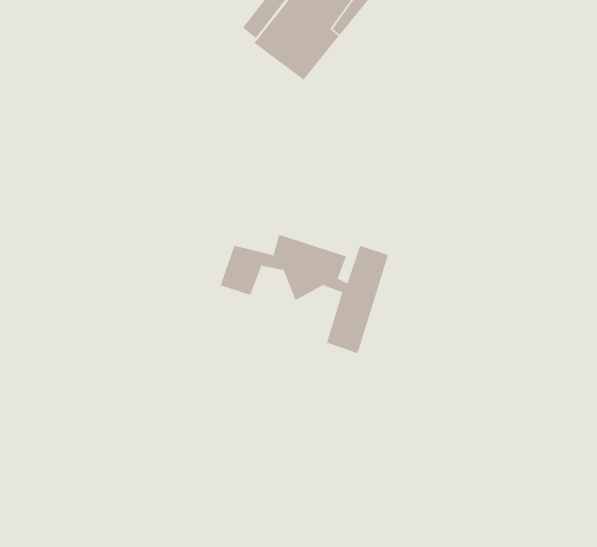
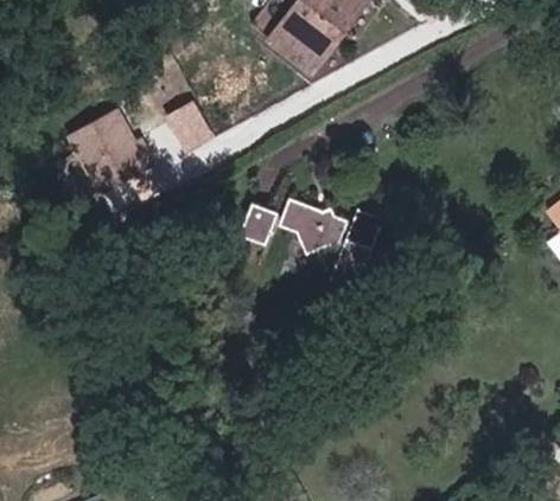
building: none -> [164,101,215,153]
building: none -> [65,109,153,201]

